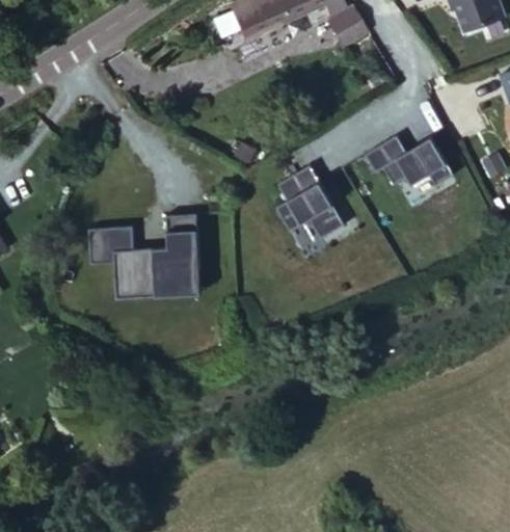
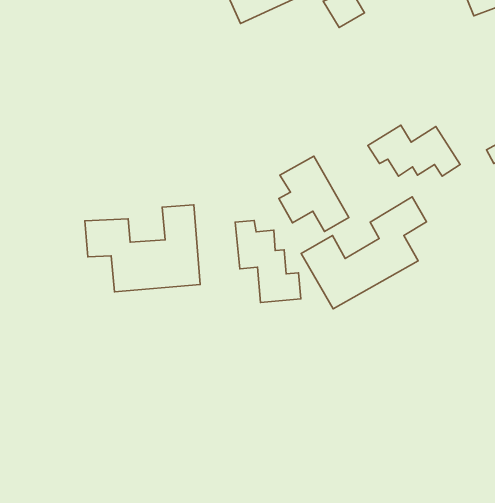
building: none -> [301,197,426,309]
building: none -> [235,221,301,302]

